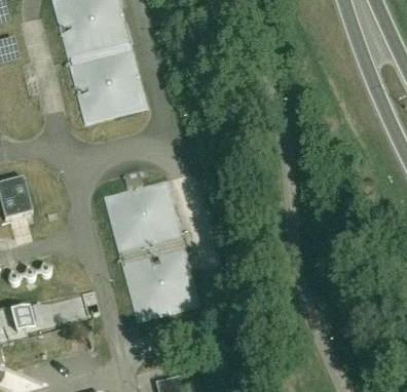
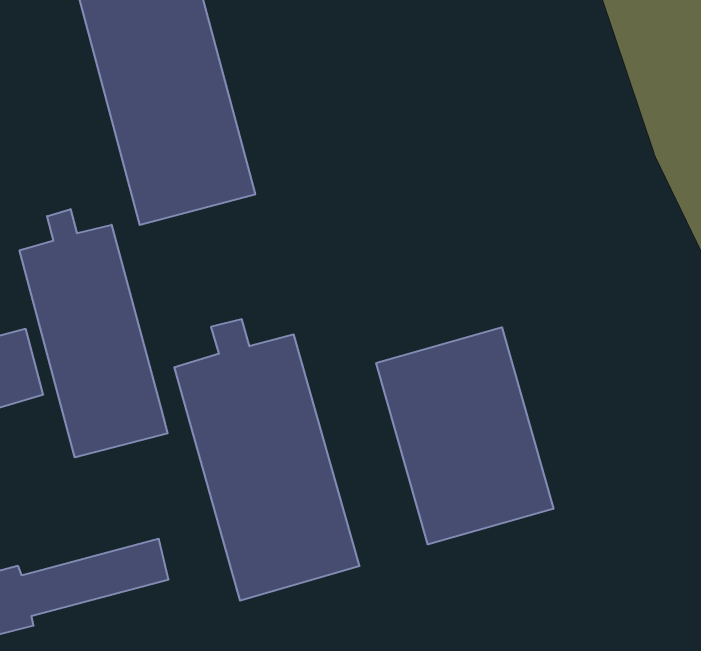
building: none -> [20,209,168,457]
building: none -> [376,327,553,544]

